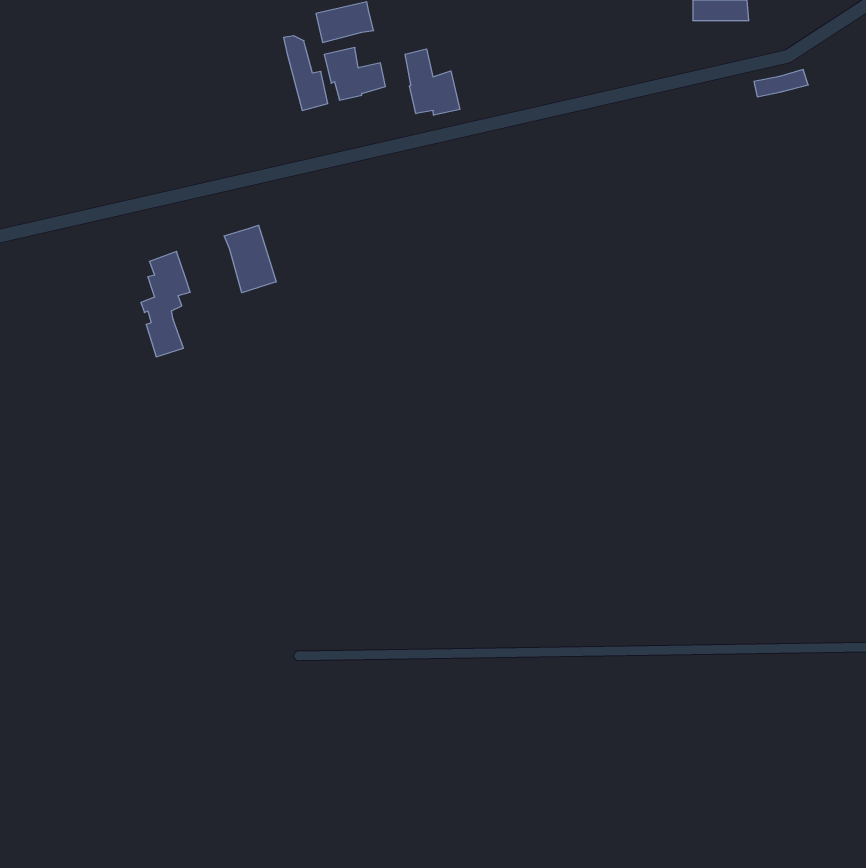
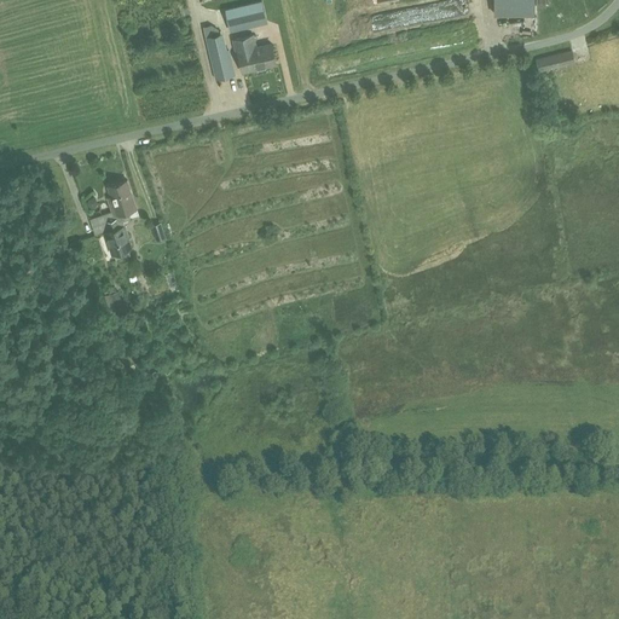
building: [405,49,460,115] -> none
building: [224,225,276,293] -> none

